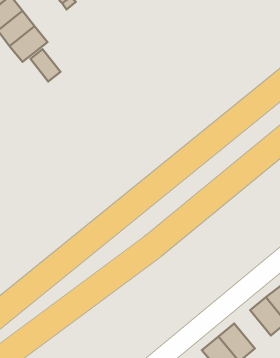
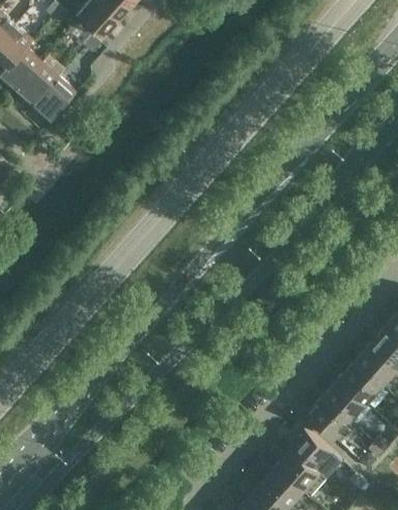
building: [30,49,61,82] -> none
building: none -> [339,362,382,404]

